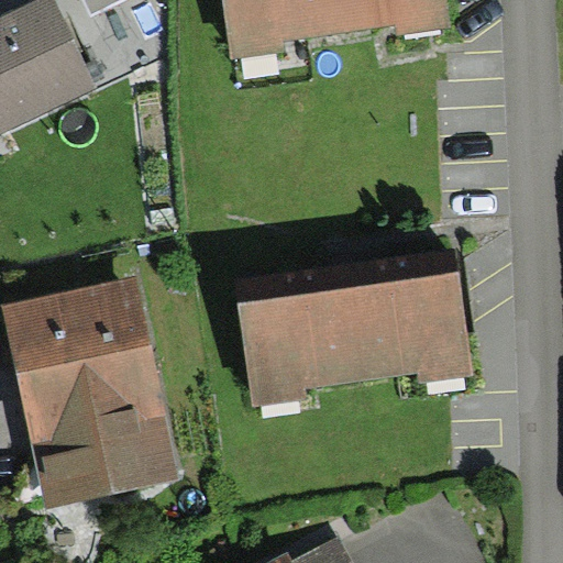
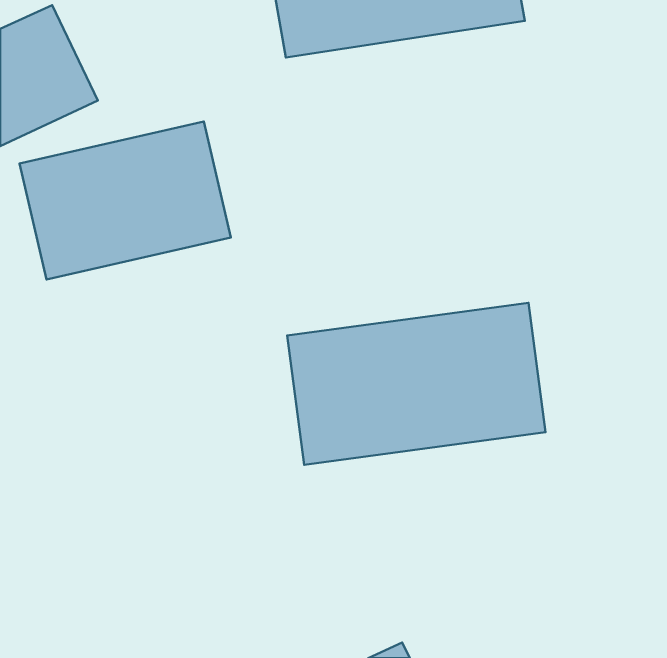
building: none -> [20,121,231,280]
building: [5,288,165,503] -> none

